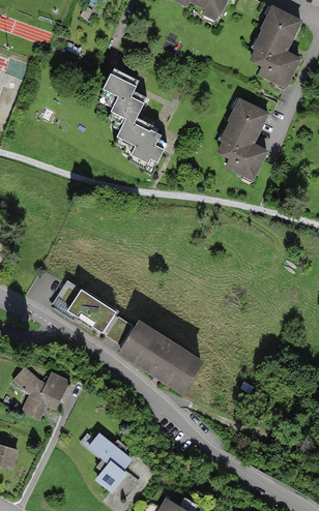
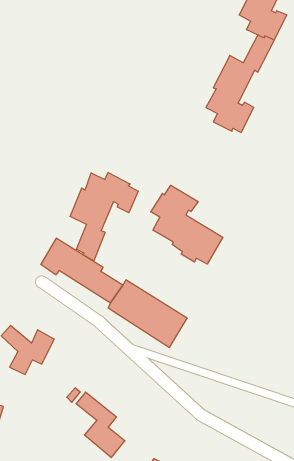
building: [100,66,169,168] -> none
building: none -> [70,172,138,261]
building: none -> [151,185,223,264]

